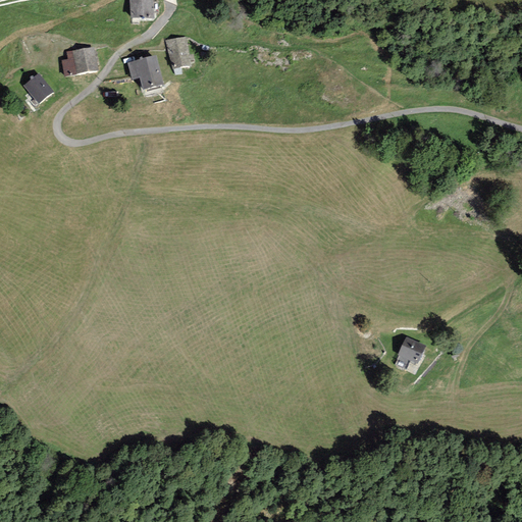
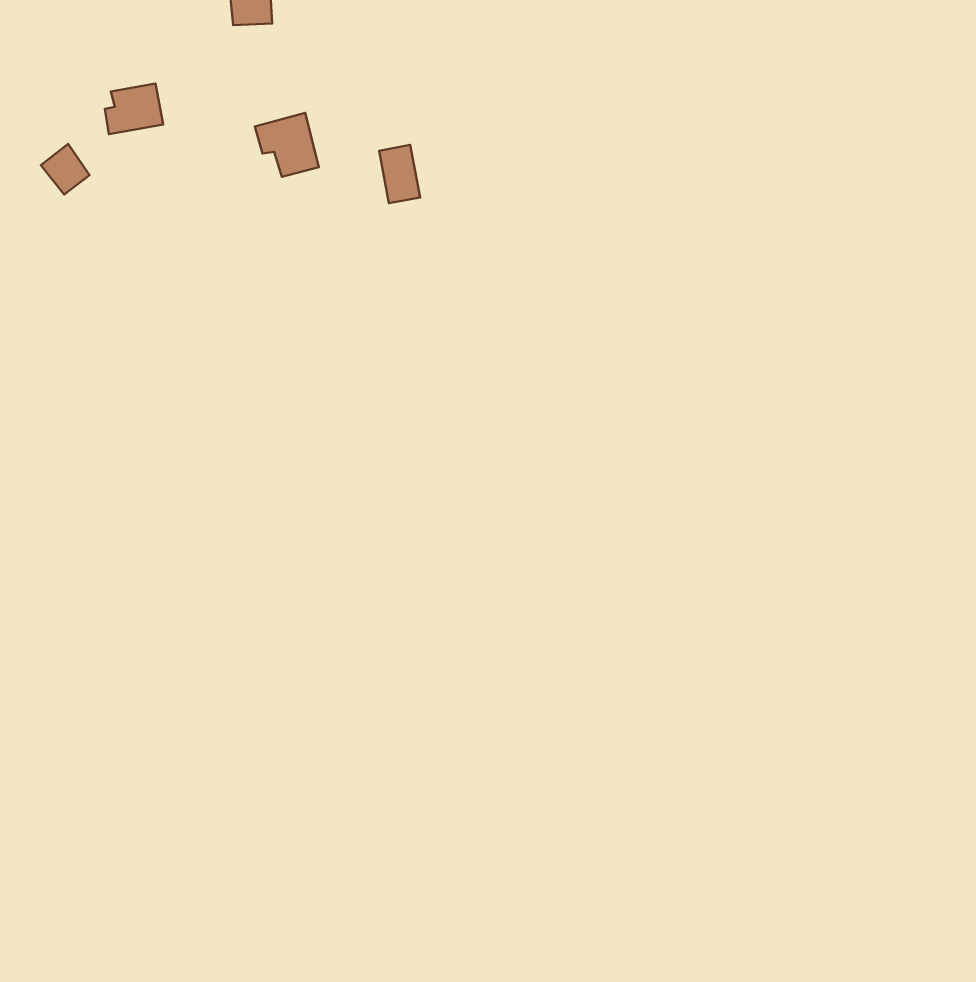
building: [173,38,195,68] -> [379,145,420,203]
building: [397,337,424,365] -> none

